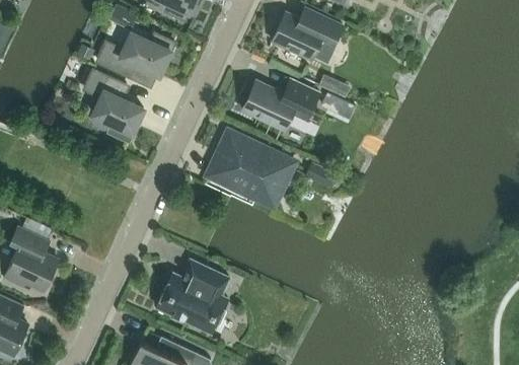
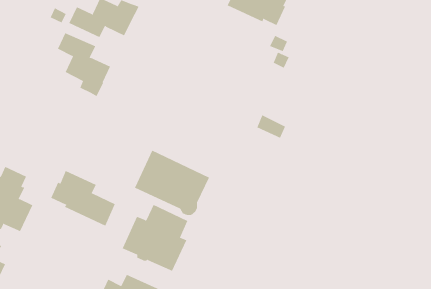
building: [242,78,319,130] -> none
building: [210,133,293,205] -> [134,150,210,215]
building: none -> [50,170,115,227]

